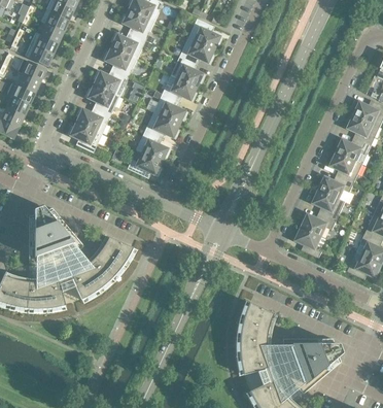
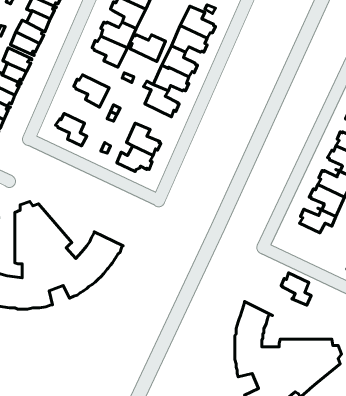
building: [94,70,128,96] -> [130,35,166,62]
building: [76,107,110,133] -> none
building: [144,111,179,137] -> none
building: [294,226,323,257] -> [281,273,311,305]

